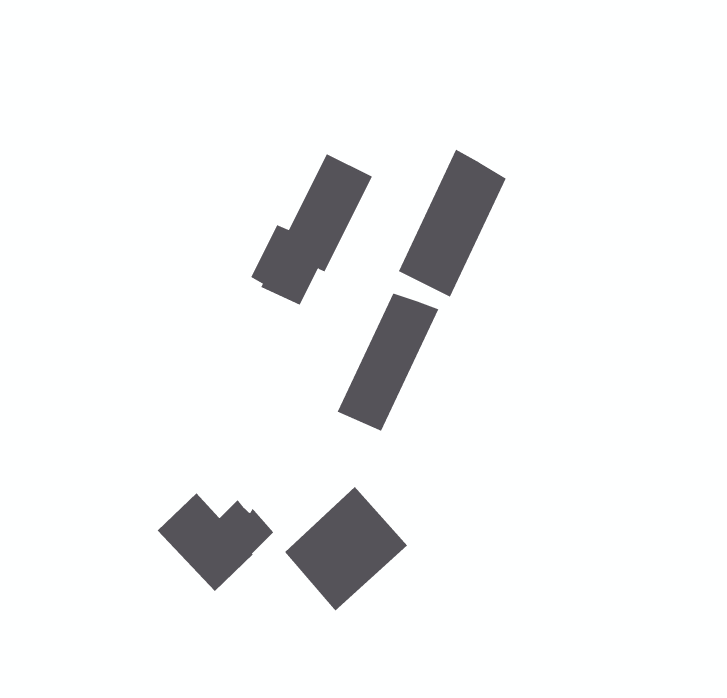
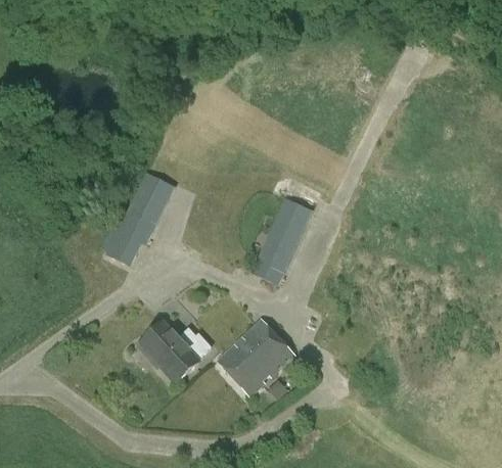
building: [398,149,507,298] -> none
building: [251,153,373,305] -> [99,172,175,266]

